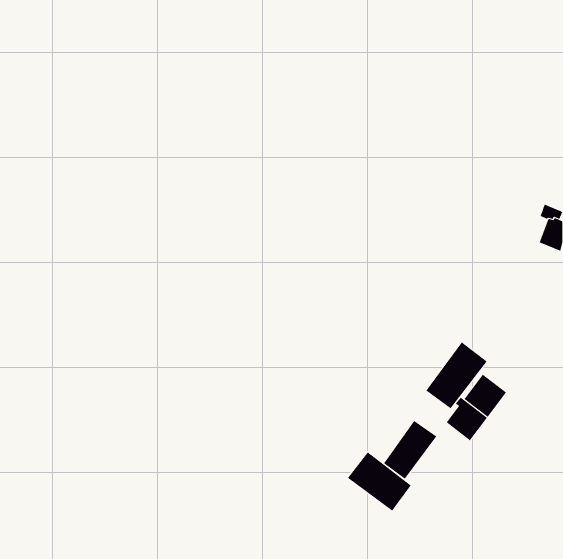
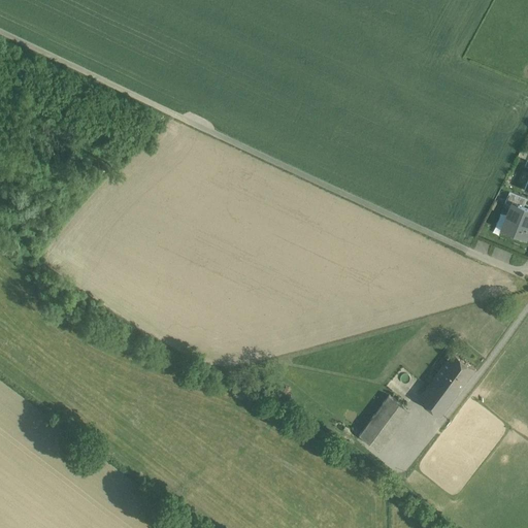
building: [425,341,487,409] -> none
building: [347,451,412,512] -> none

